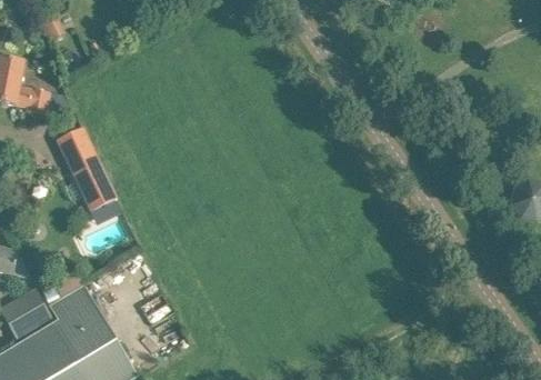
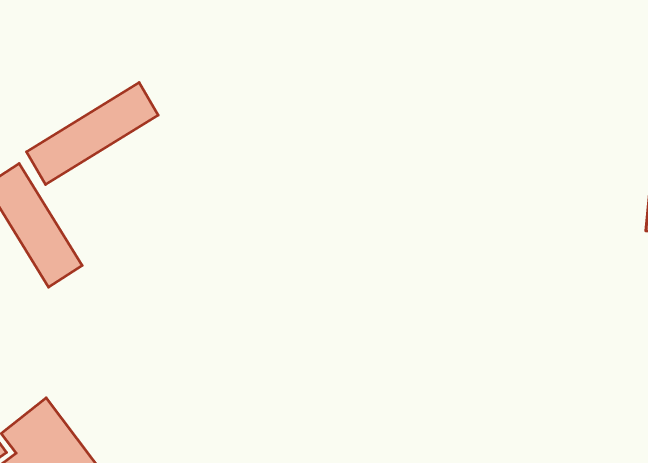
building: none -> [26,82,158,185]

